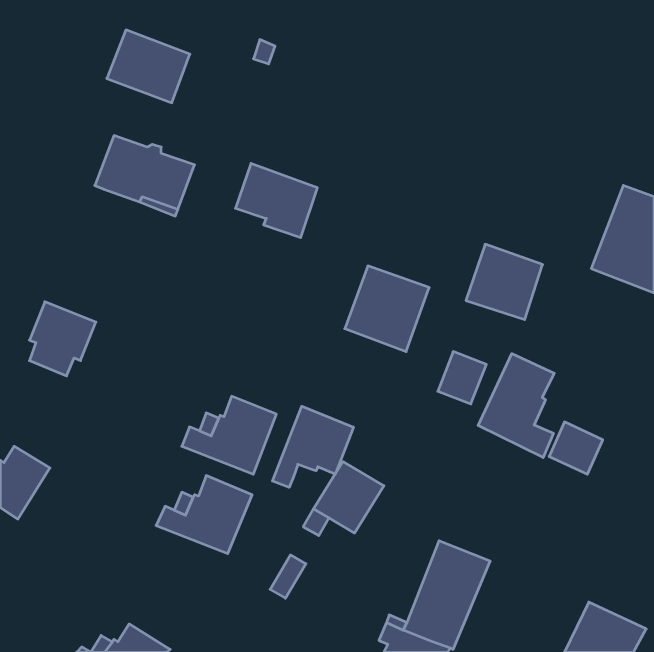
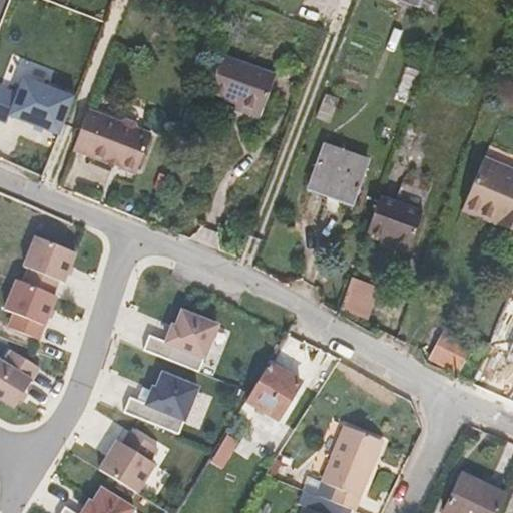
building: [107,30,190,103] -> [8,78,73,135]
building: [235,163,317,238] -> [210,57,275,115]
building: [345,266,429,352] -> [307,139,373,206]
building: [478,354,554,458] -> none
building: none -> [4,280,56,340]
building: [272,406,353,487] -> none
building: none -> [99,431,157,493]

